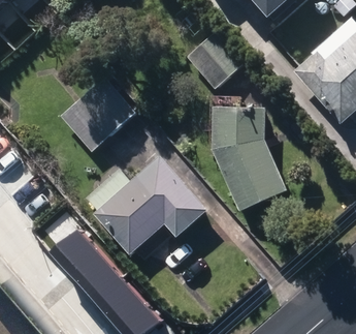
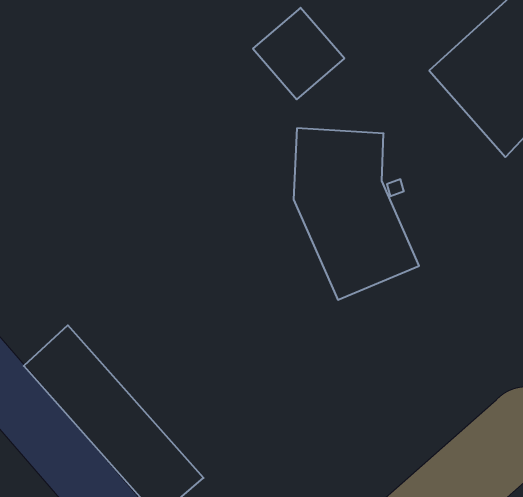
building: [63,79,136,152] -> none
building: [90,156,208,254] -> none

